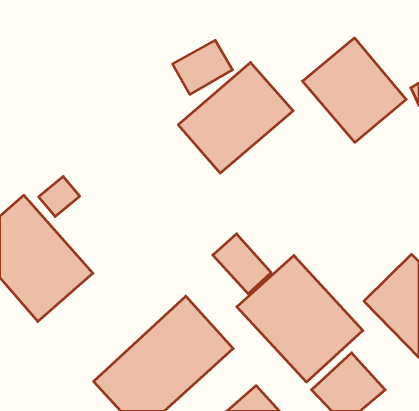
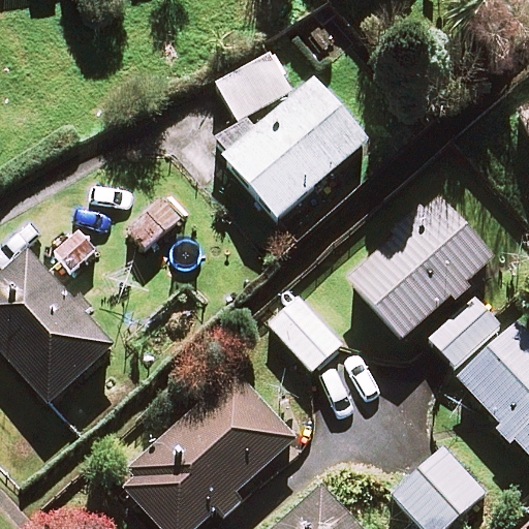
building: [302,38,406,142] -> none
building: none -> [348,198,500,364]
building: [237,255,363,382] -> none

